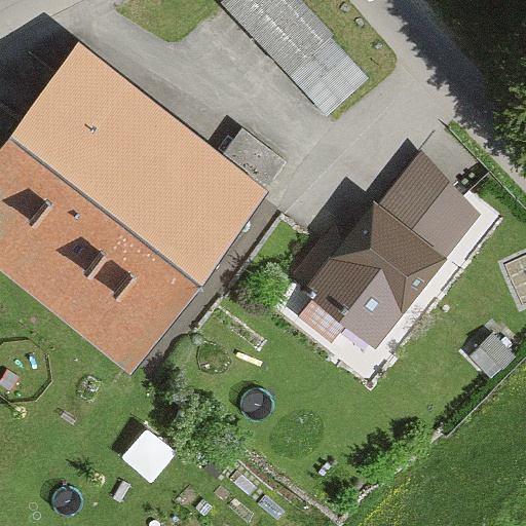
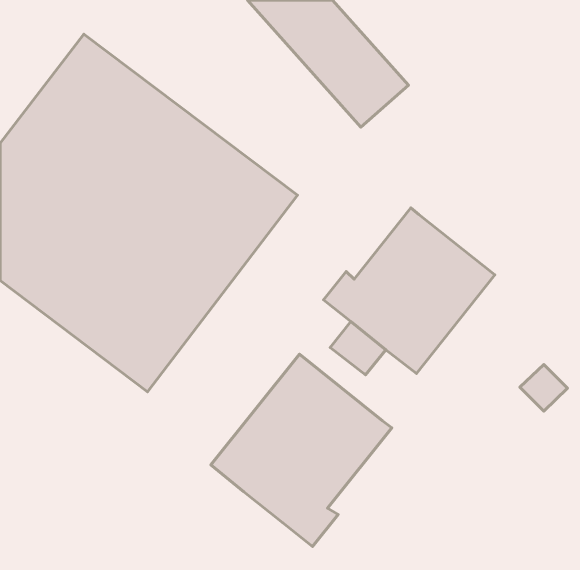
building: [379,153,477,258] -> none
building: none -> [211,354,392,547]

